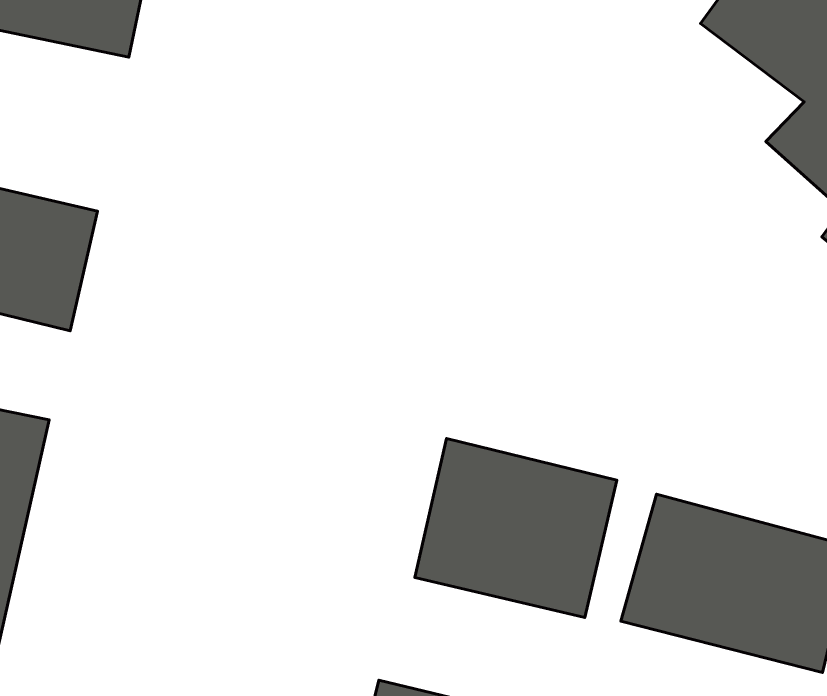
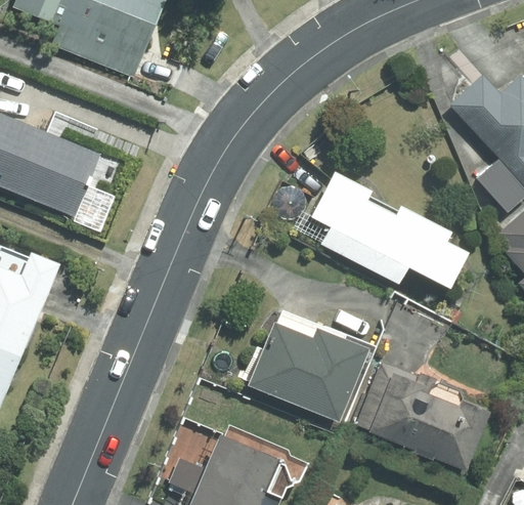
building: none -> [296,170,475,290]

